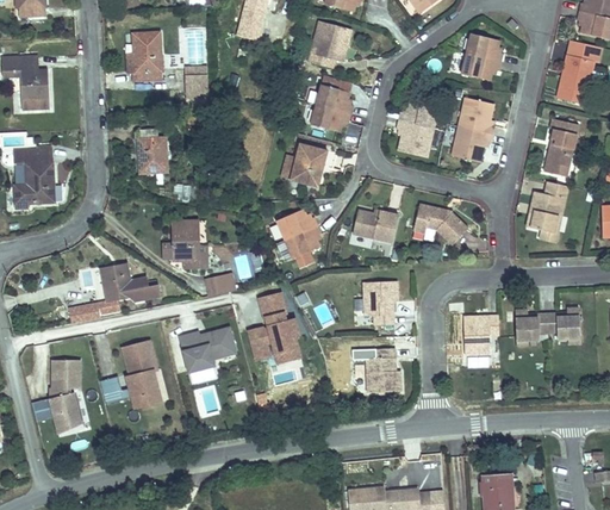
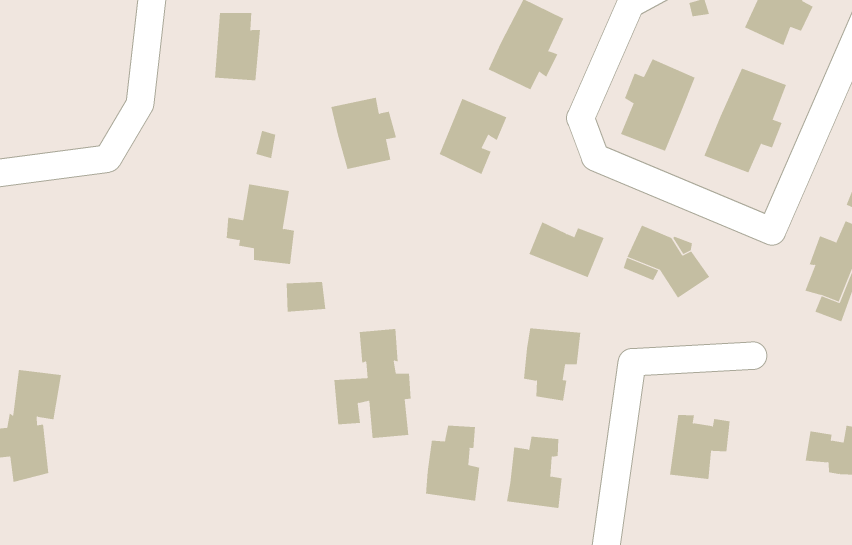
building: [15,139,58,201] -> none
building: [274,210,318,257] -> [330,97,397,170]
building: [68,261,160,322] -> none
building: [515,309,546,340] -> none
building: [179,326,236,382] -> none
building: [98,338,158,404] -> none
building: none -> [426,425,480,501]

